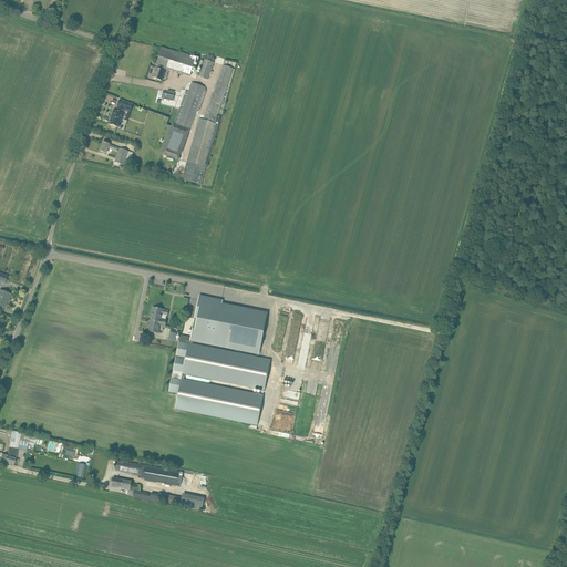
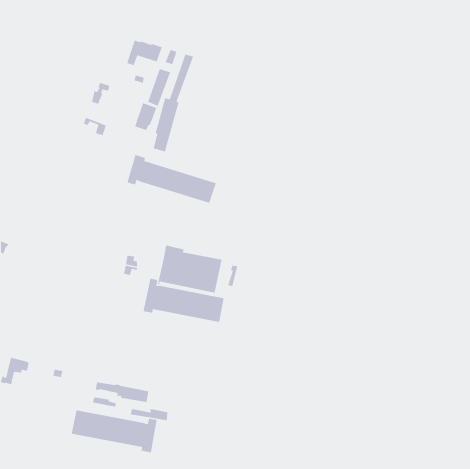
building: none -> [126,154,217,204]
building: [169,375,264,424] -> none
building: none -> [71,410,157,453]

